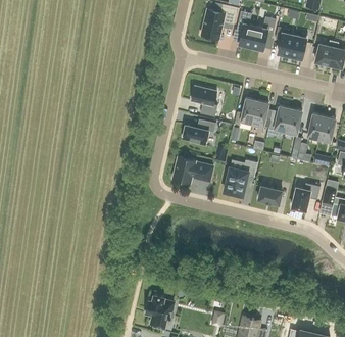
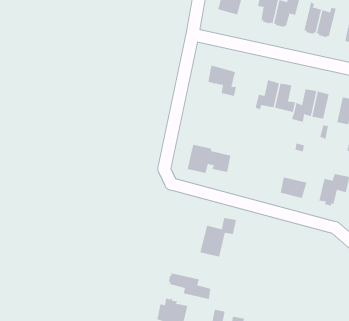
building: [182,122,214,147] -> none
building: [224,160,257,196] -> [200,217,237,257]
building: none -> [168,273,211,300]

